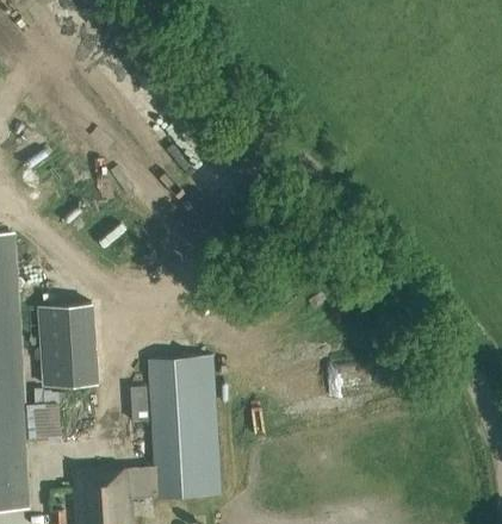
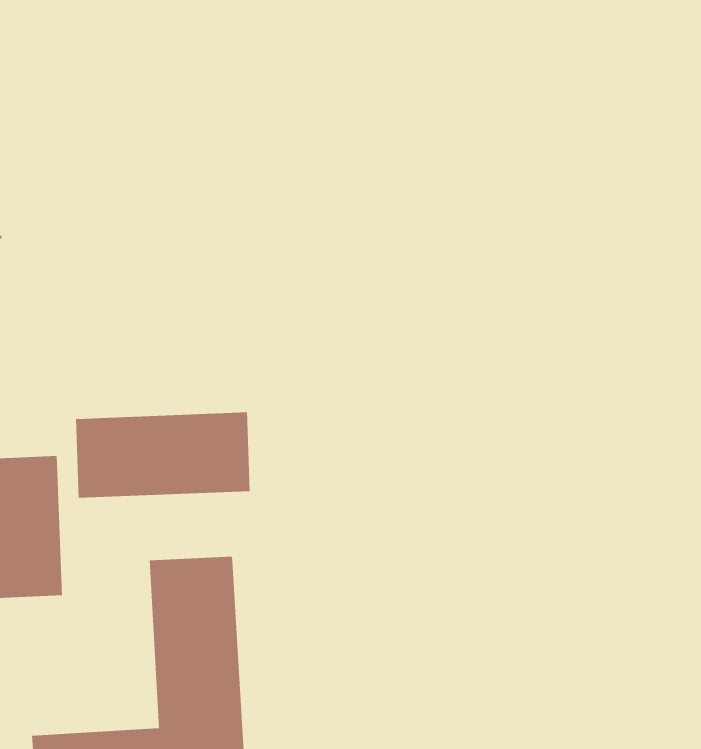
building: none -> [75,411,250,499]

